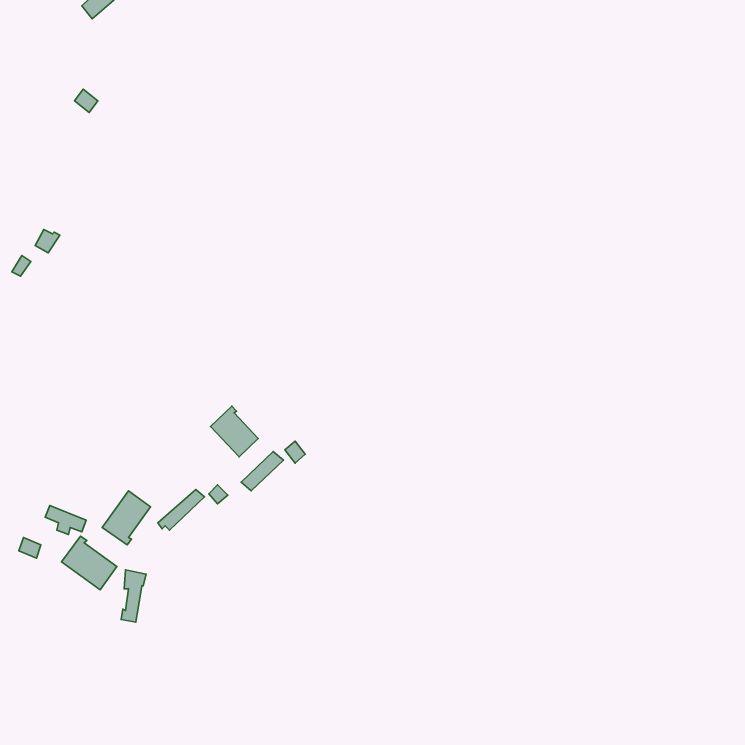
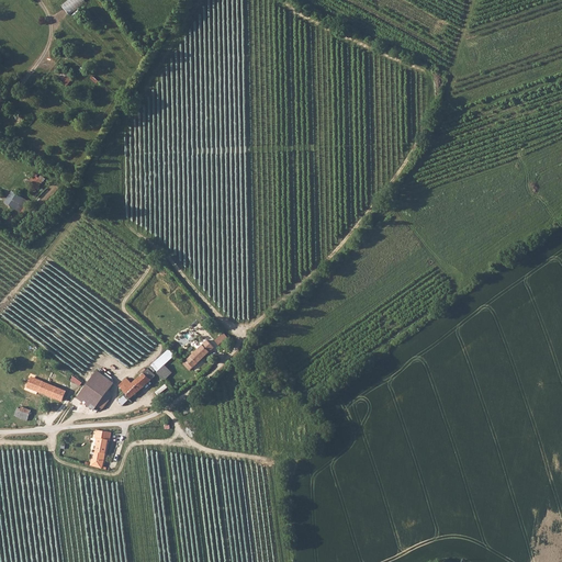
building: [210,406,258,457] -> none
building: [61,536,117,590] -> none

